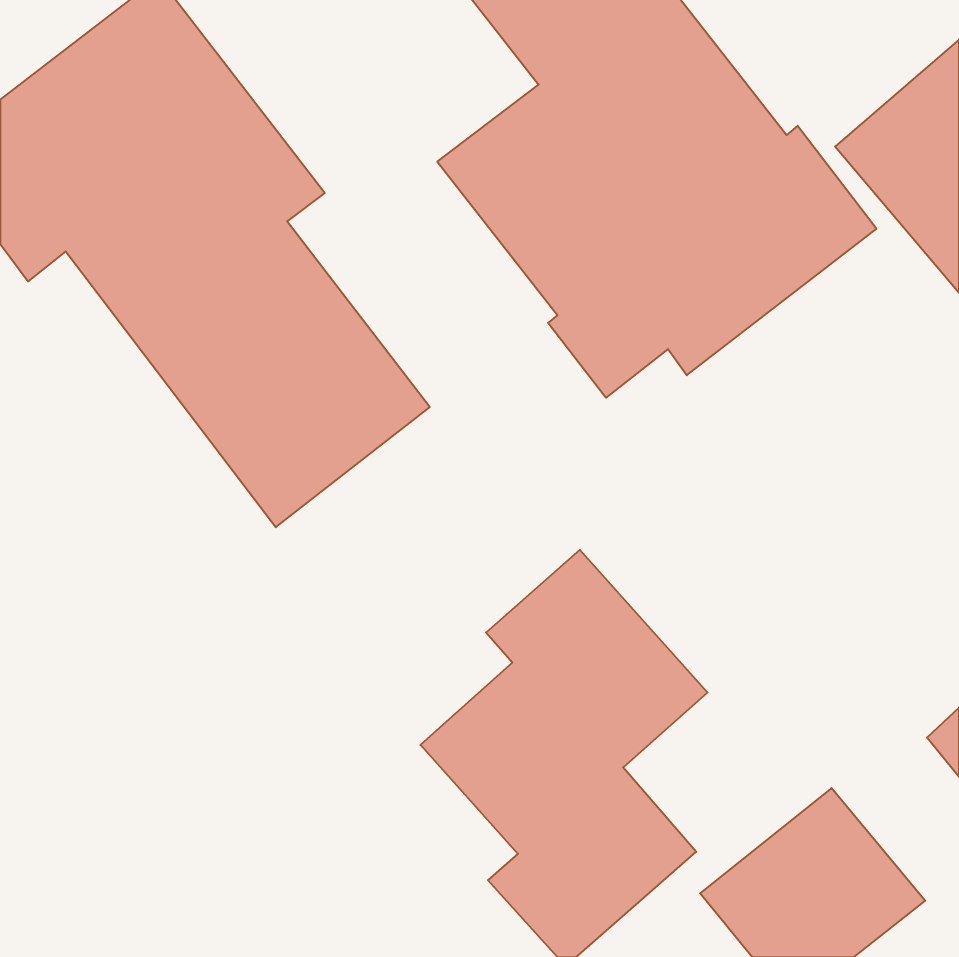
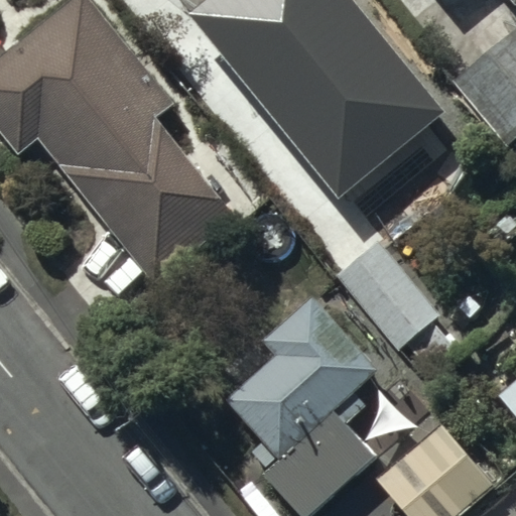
building: none -> [333,239,438,351]

